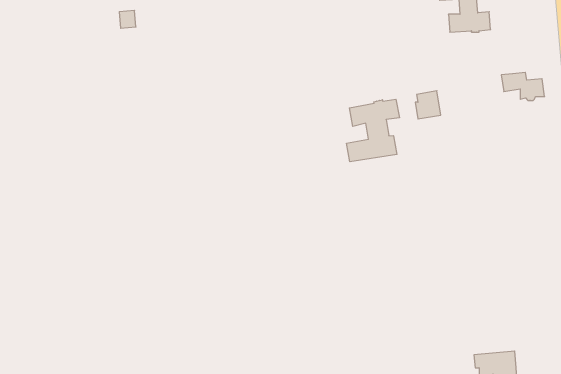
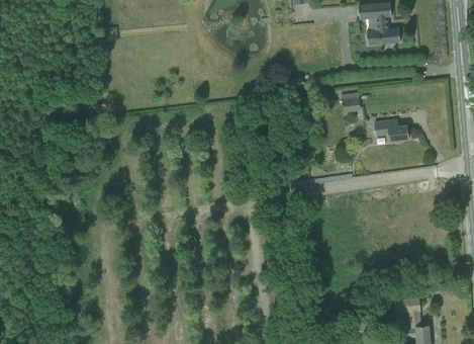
building: [501,72,545,100] -> [374,120,408,143]
building: [347,99,399,162] -> none

